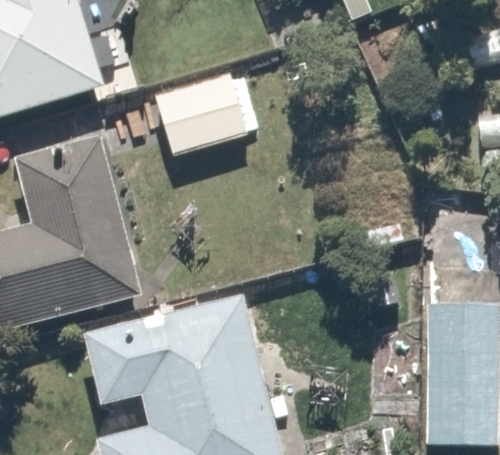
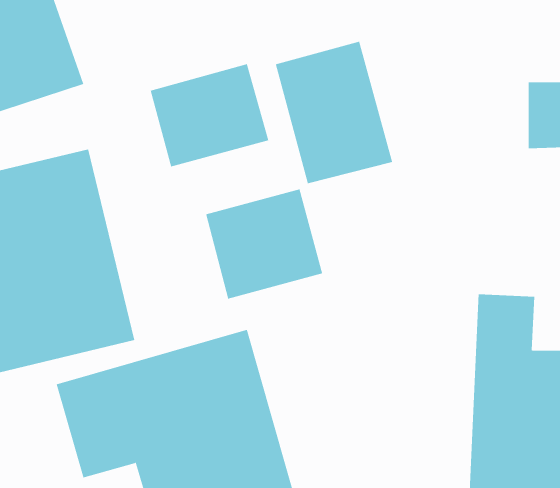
building: none -> [275,41,393,184]
building: none -> [205,189,323,300]

